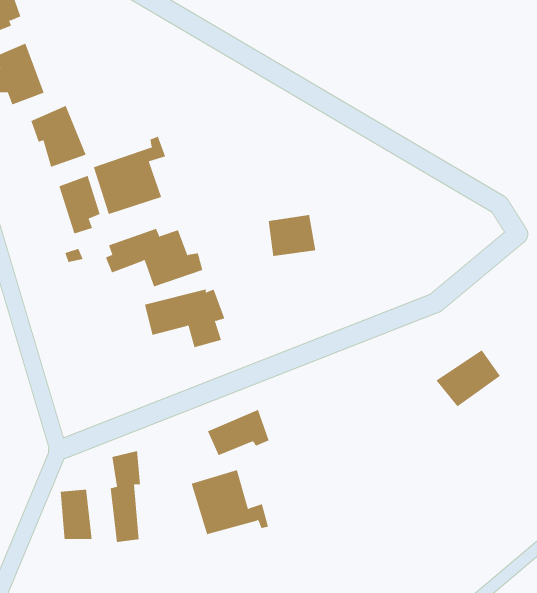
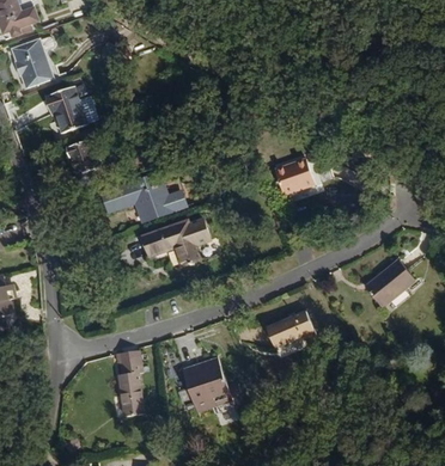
building: [93,136,166,215] -> none
building: [268,215,316,257] -> [279,163,316,195]
building: [207,409,270,456] -> [260,314,307,350]
building: [60,489,92,540] -> none

